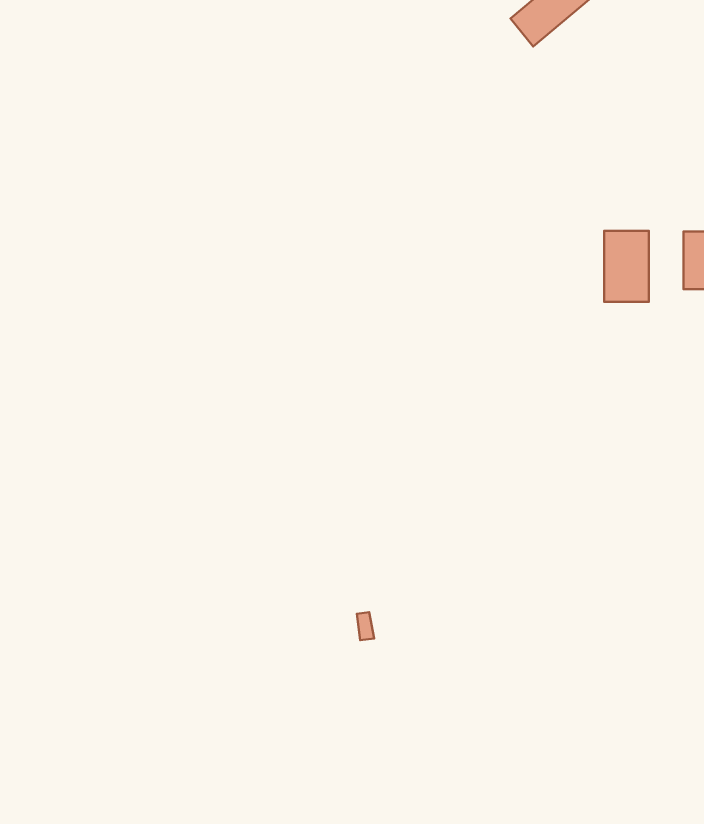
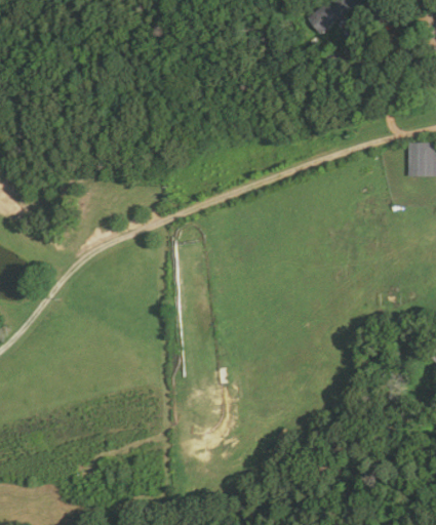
building: [604,231,649,302] -> none

